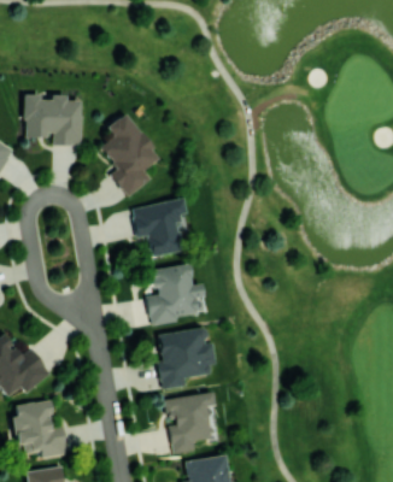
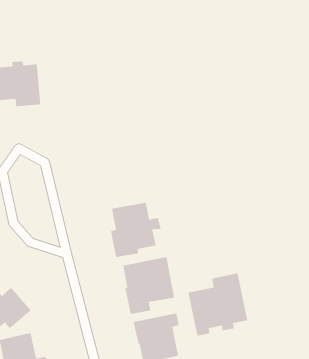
building: [100,113,160,198] -> none
building: [131,198,187,258] -> none
building: none -> [188,273,248,337]

